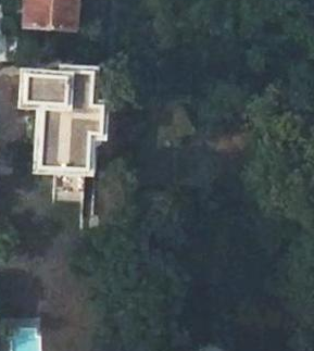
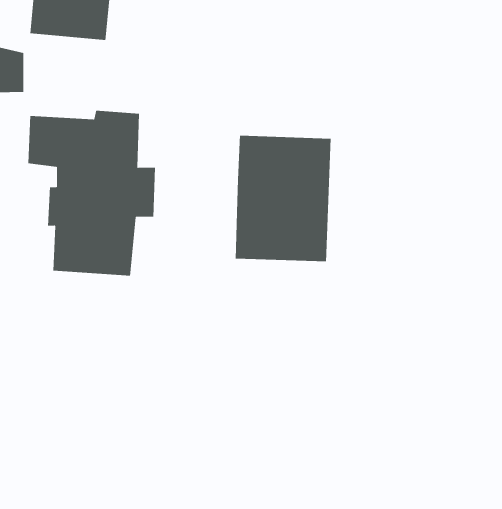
building: none -> [235,135,331,262]

